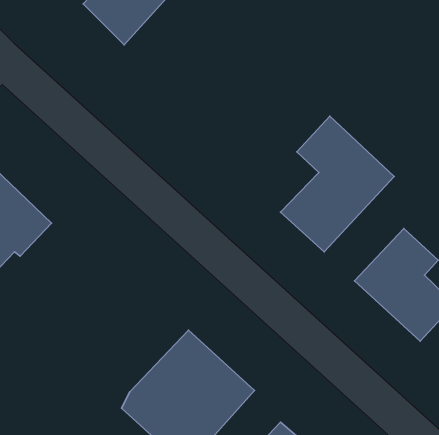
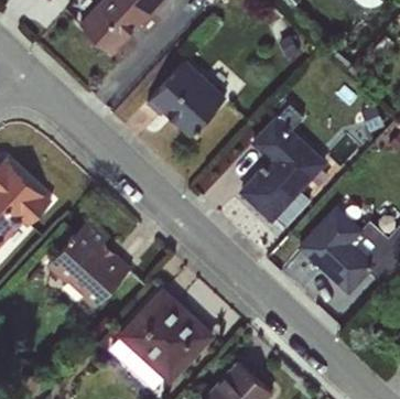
building: none -> [147,61,227,138]
building: none -> [45,222,132,311]

